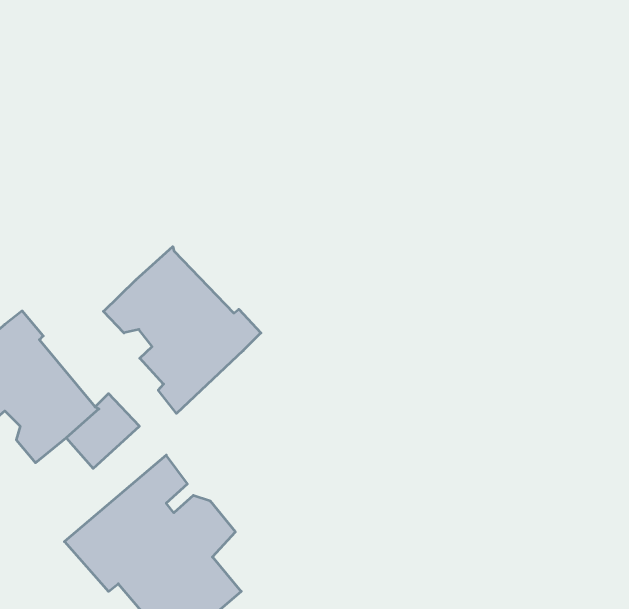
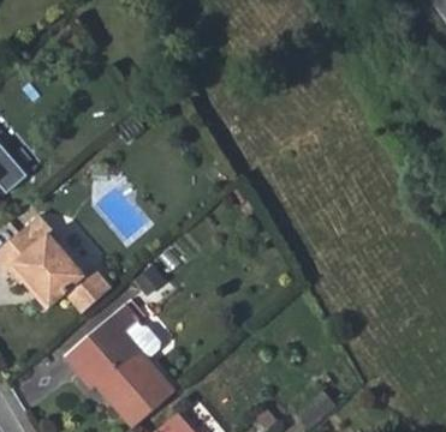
building: [103,247,261,413] -> none

